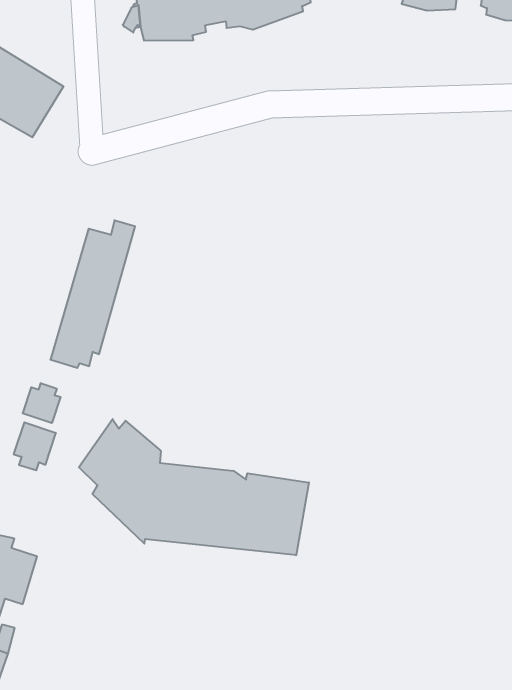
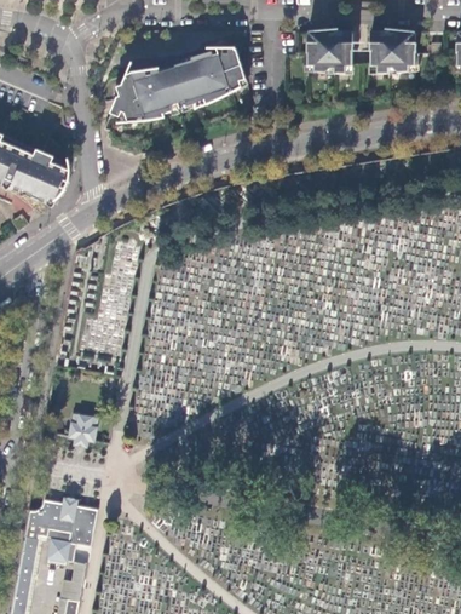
building: [23,383,61,423] -> none
building: [79,419,309,555] -> none

